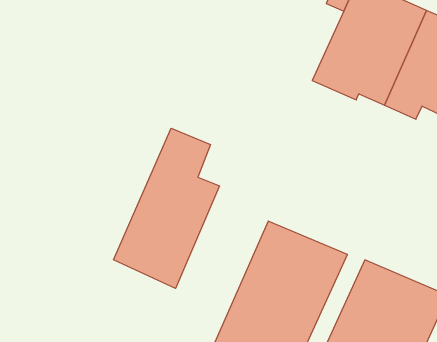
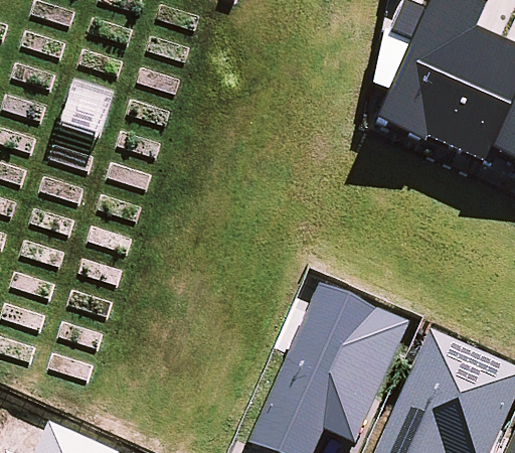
building: [113,128,219,288] -> none

